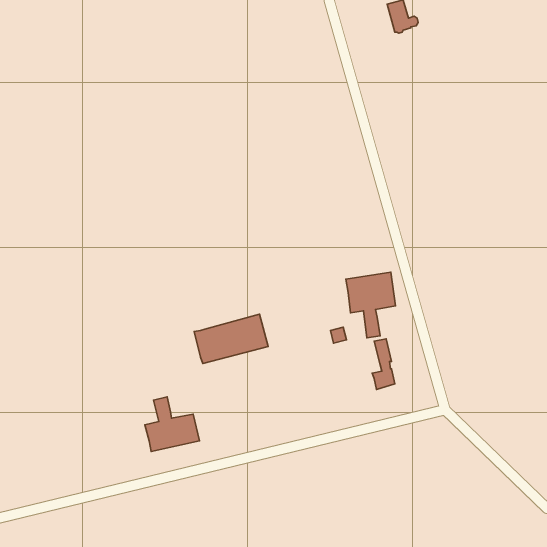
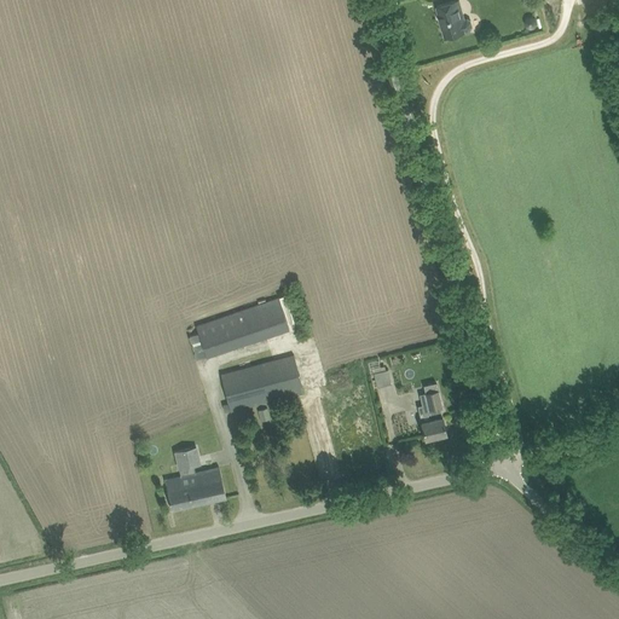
building: none -> [187,299,289,360]
building: [346,272,395,338] -> none

